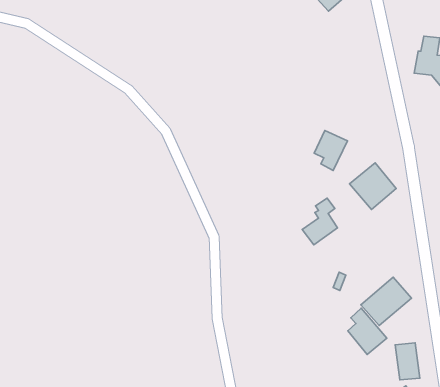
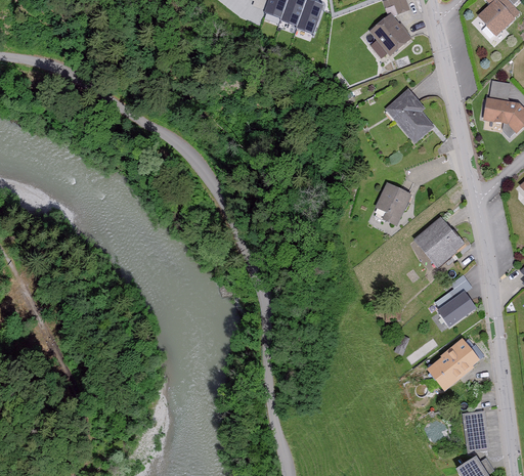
building: none -> [385,89,432,142]
building: [302,198,338,245] -> [436,275,474,326]
building: [348,308,387,354] -> none

